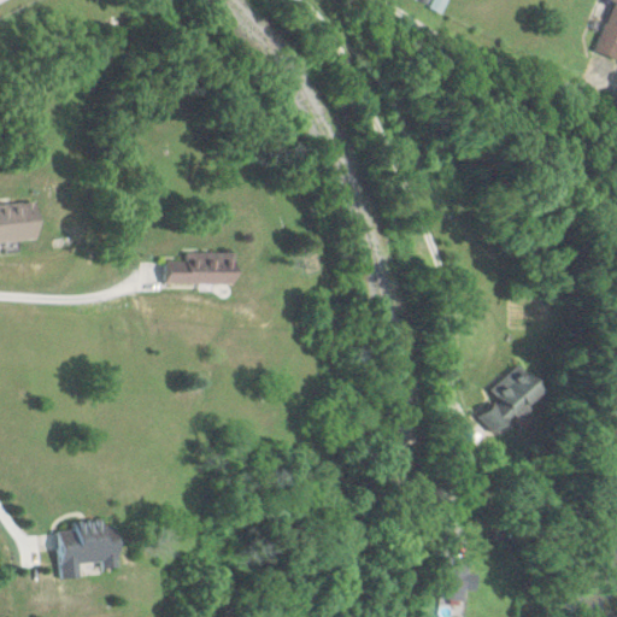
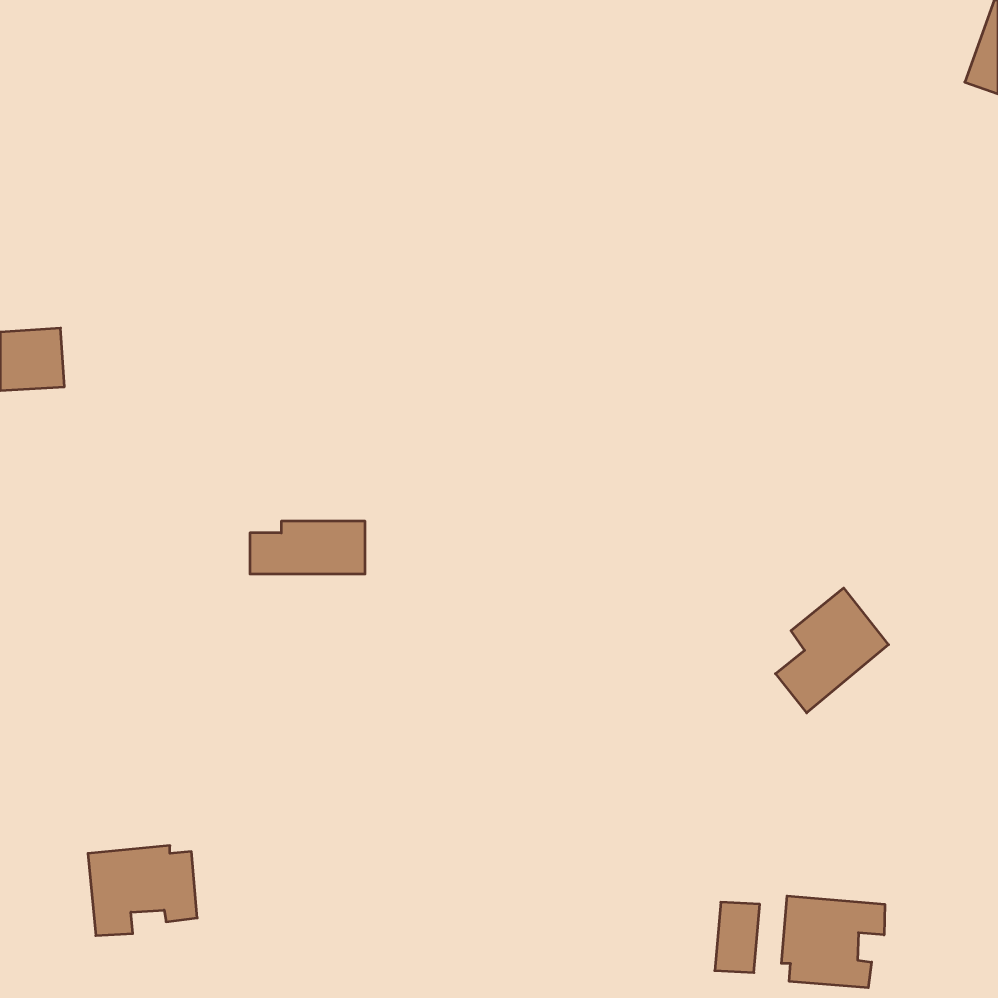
building: [165,251,236,283] -> [250,521,365,574]
building: none -> [781,896,885,988]

